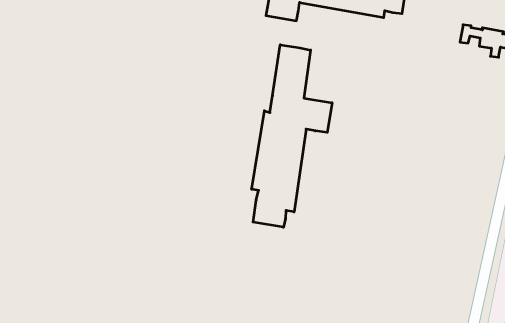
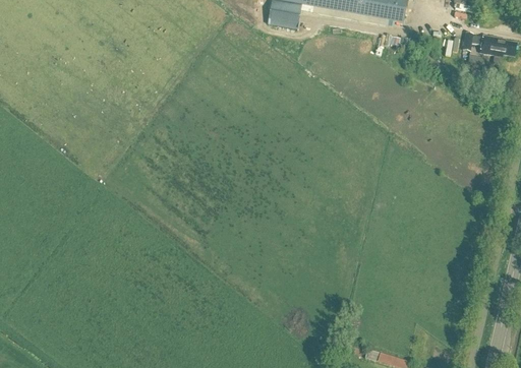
building: [252,45,332,227] -> none

